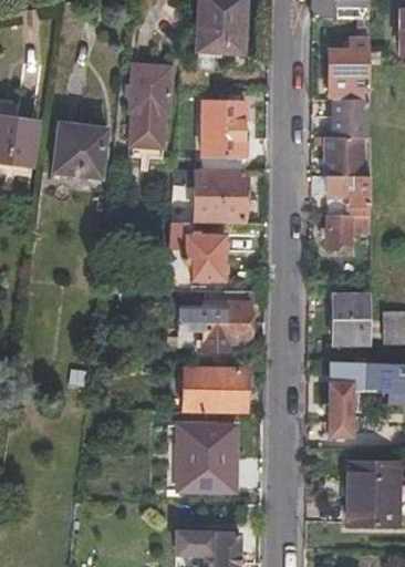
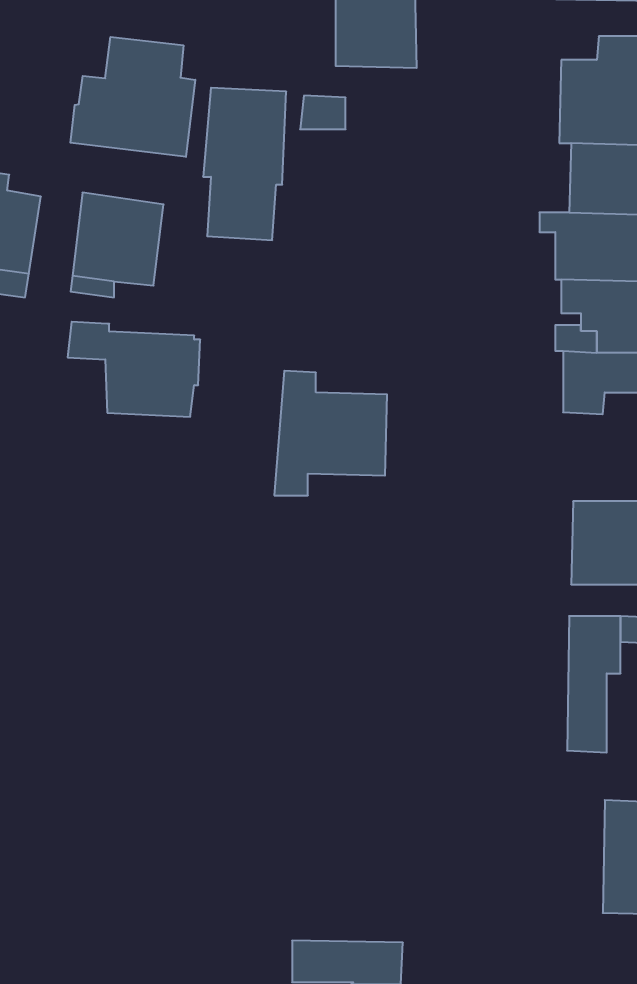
building: none -> [70,37,195,157]
building: [204,99,246,154] -> none
building: [174,165,248,218] -> [68,322,200,417]
building: [194,303,248,350] -> none
building: [183,371,247,411] -> none
building: [179,426,236,492] -> none

